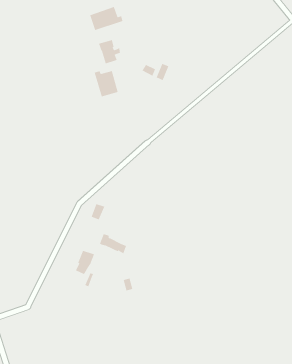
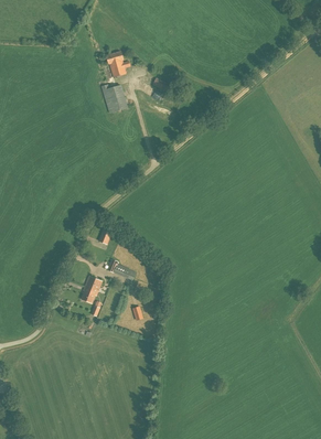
building: [89,6,123,31] -> none

